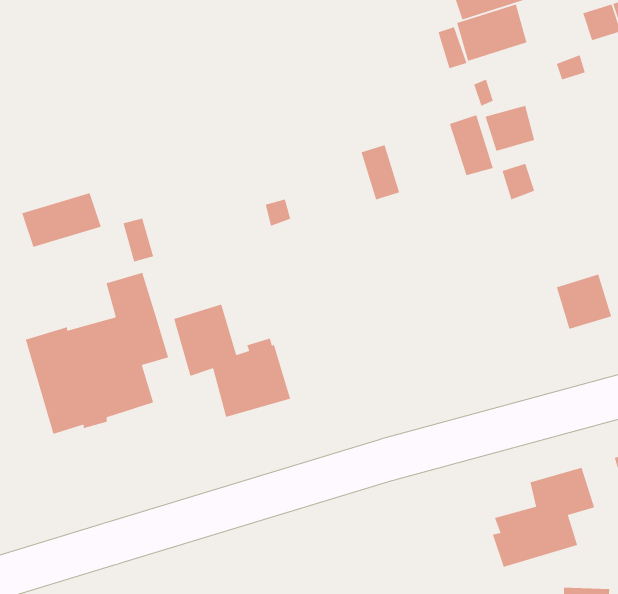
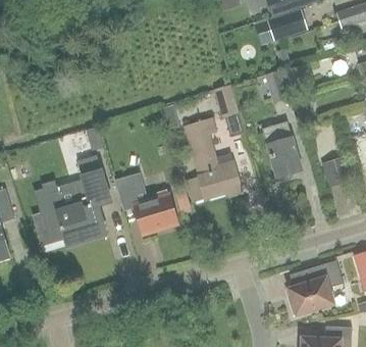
building: [21,192,102,248] -> none
building: none -> [186,118,242,201]
building: none -> [263,121,302,177]

